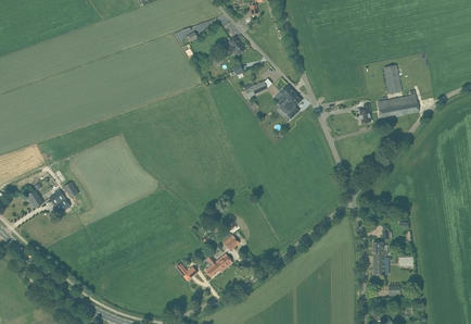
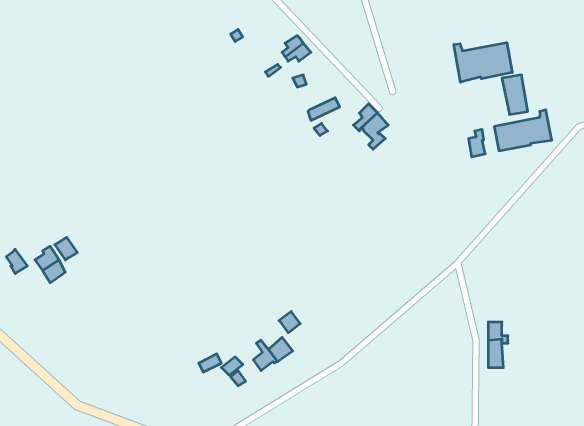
building: none -> [454,43,512,82]

